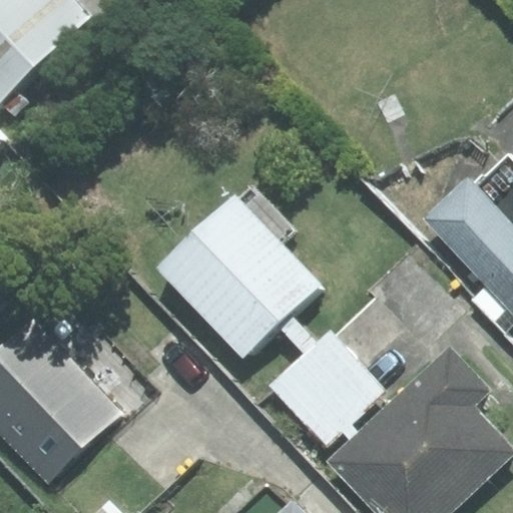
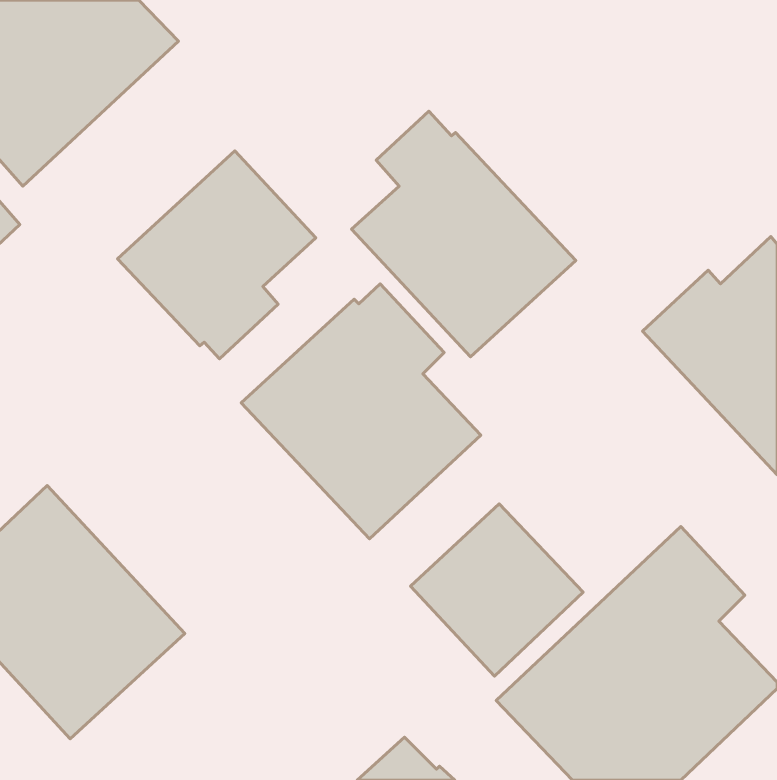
building: none -> [351,111,576,357]
building: none -> [118,151,316,359]

